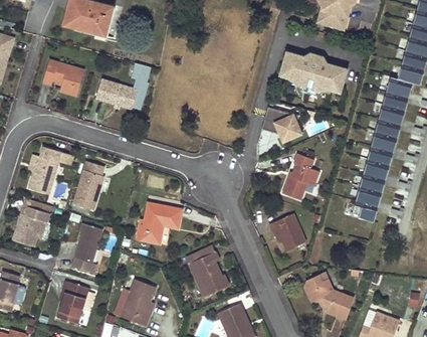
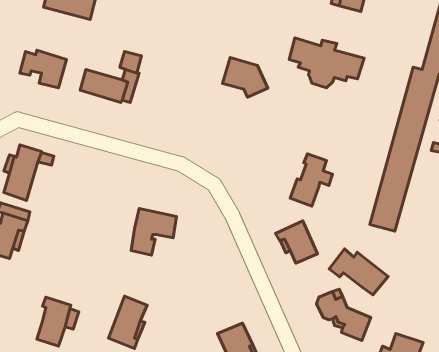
building: [261,106,301,141] -> [222,57,268,97]
building: [72,161,102,210] -> none
building: [70,223,102,273] -> none
building: none -> [329,249,388,295]
building: [188,251,228,297] -> none

